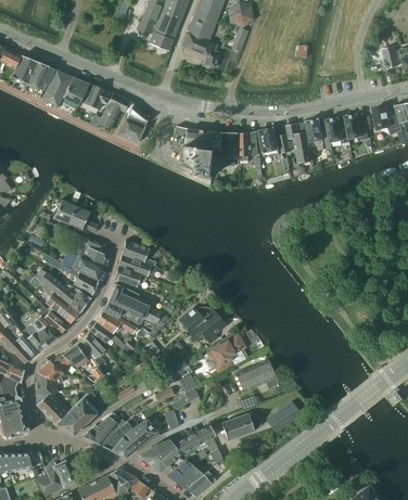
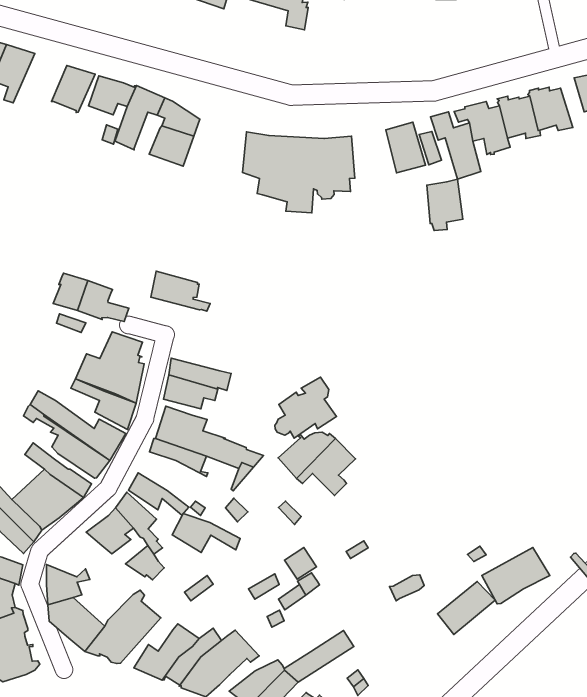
building: [41,70,73,107] -> none
building: [238,131,257,161] -> [427,179,463,230]
building: [120,241,155,267] -> [151,271,210,311]
building: [95,310,136,334] -> [172,514,240,553]
building: [208,336,245,371] -> [275,377,337,438]
building: [37,355,71,381] -> none
building: [235,360,276,392] -> [482,548,550,604]
building: [220,414,260,441] -> none

